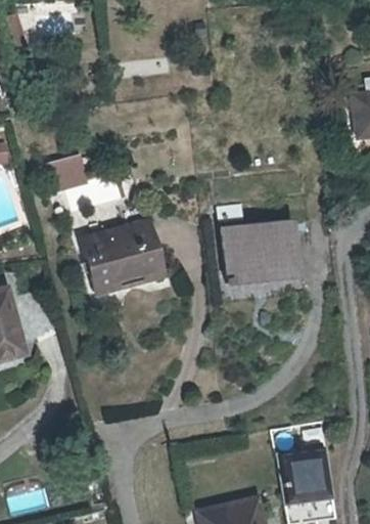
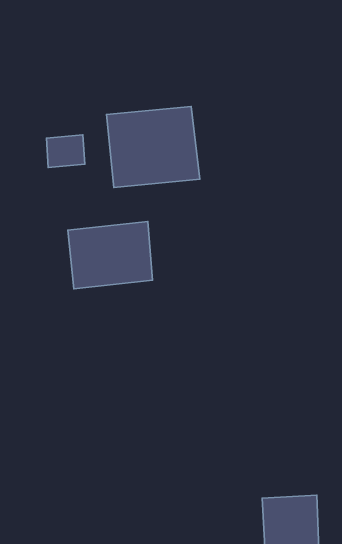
building: none -> [106,107,200,187]
building: [232,227,308,286] -> none

